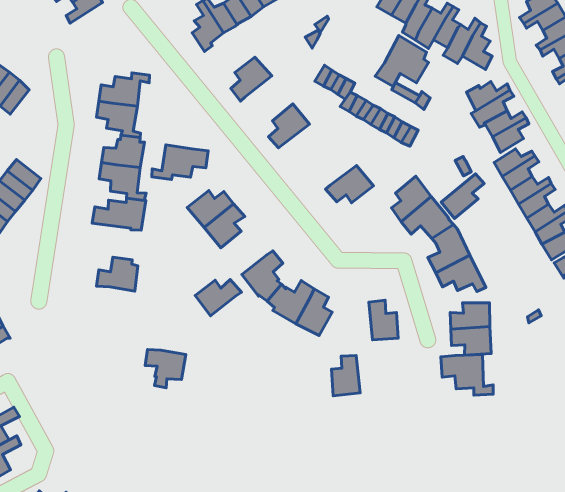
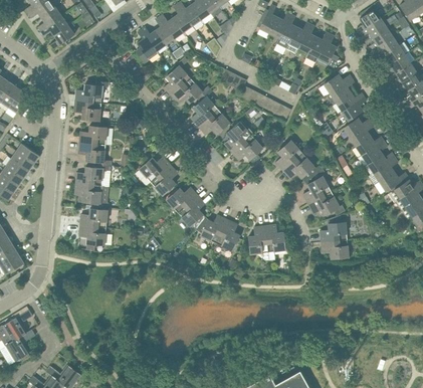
building: [375,35,429,86] -> none
building: none -> [171,77,202,104]
building: none -> [198,109,229,135]
building: none -> [224,120,253,152]
building: [152,145,208,179] -> none
building: [441,174,484,218] -> none
building: none -> [74,183,109,206]
building: [195,280,242,316] -> [167,187,198,212]
building: [145,349,186,388] -> [79,225,107,250]
building: [441,355,493,395] -> none
building: [331,355,360,396] -> [248,226,268,254]

